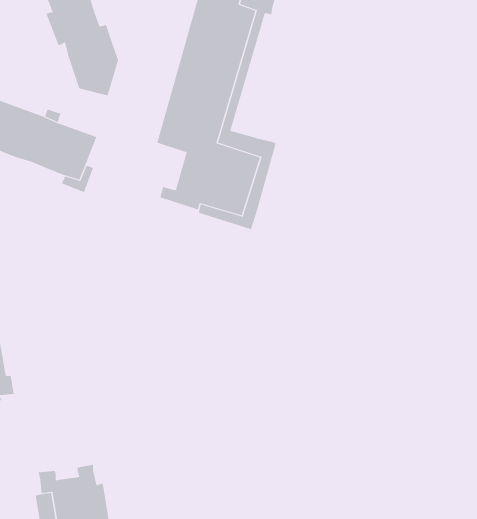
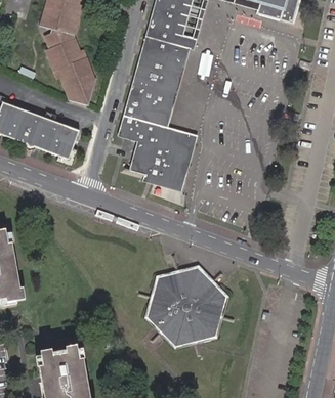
building: none -> [137,253,234,355]

